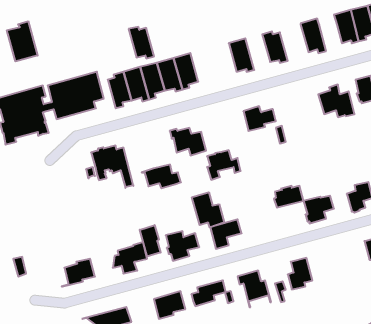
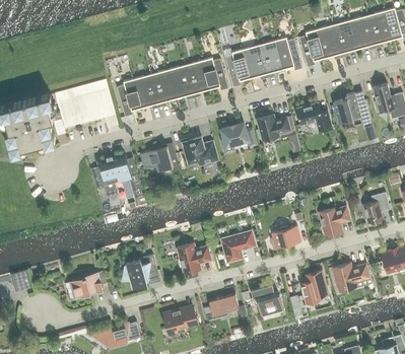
building: none -> [333,19,358,57]
building: [7,21,38,61] -> none
building: none -> [299,28,324,66]
building: [129,27,154,58] -> [202,57,228,89]
building: none -> [259,40,284,76]
building: none -> [223,48,250,86]
building: none -> [296,101,332,130]
building: [207,150,241,180] -> [221,122,256,152]
building: [142,165,181,188] -> [138,145,179,169]
building: [274,186,303,208] -> [271,225,301,247]
building: [192,192,224,227] -> none
building: [140,225,161,256] -> none
building: none -> [333,262,369,290]

